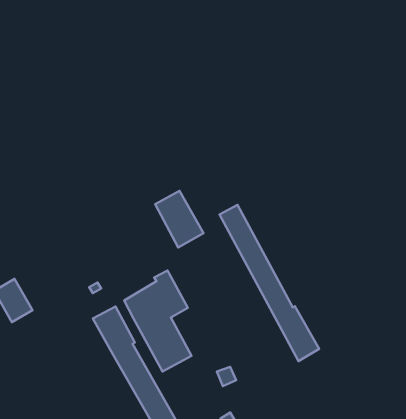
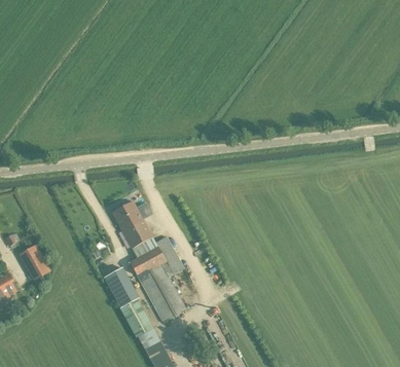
building: [155,191,203,248] -> [111,199,152,248]
building: [220,205,319,361] -> none

